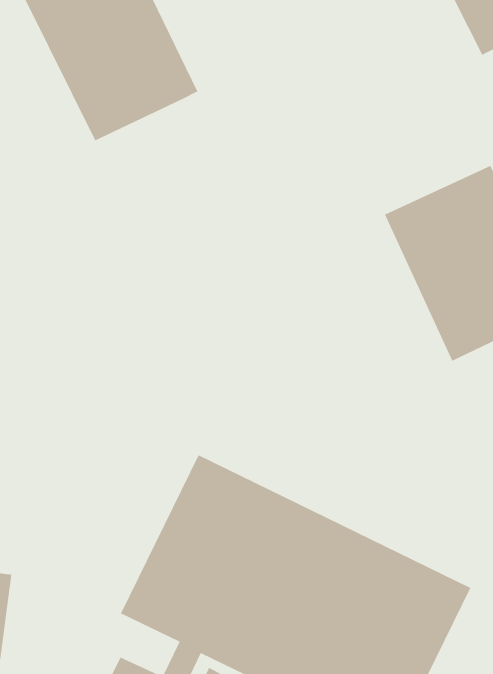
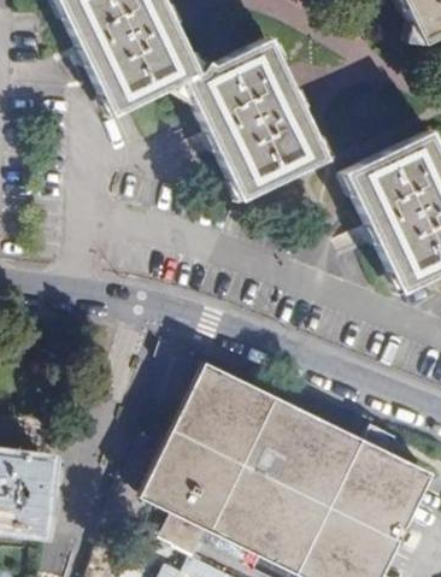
building: none -> [189,42,329,201]

